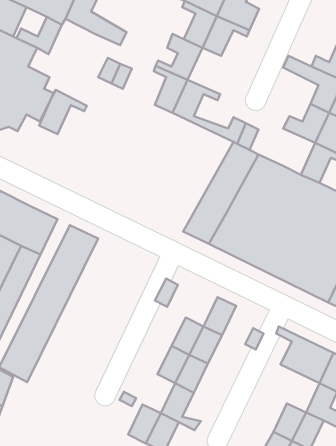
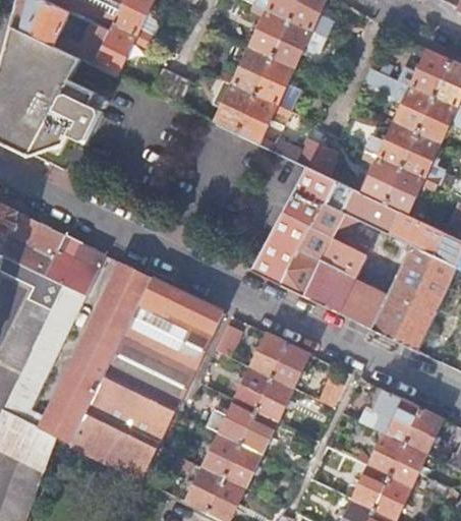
building: none -> [253,57,293,110]
building: [39,90,87,134] -> [94,23,149,74]
building: none -> [360,150,400,202]
building: none -> [69,276,224,479]
building: none -> [245,333,288,377]
building: none -> [201,431,239,476]
building: none -> [367,431,405,475]

